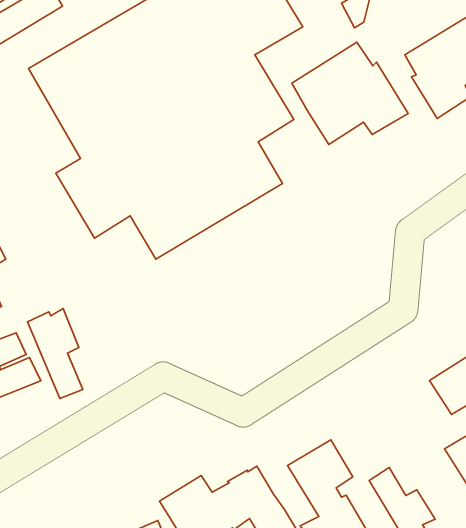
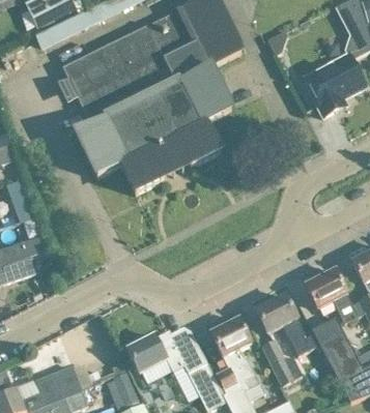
building: [292,42,408,144] -> none
building: [27,309,83,398] -> none
building: none -> [256,295,319,354]

